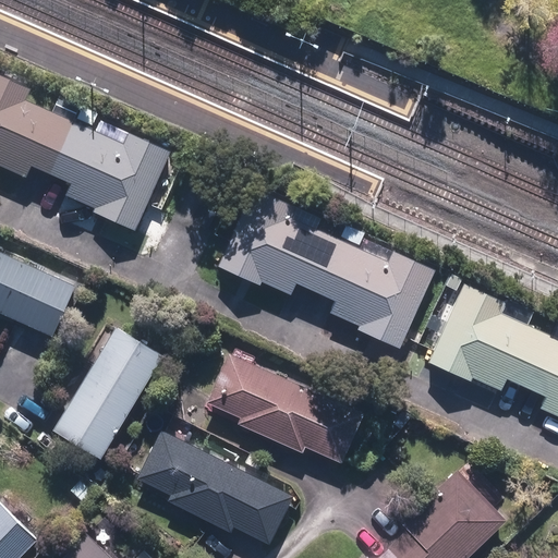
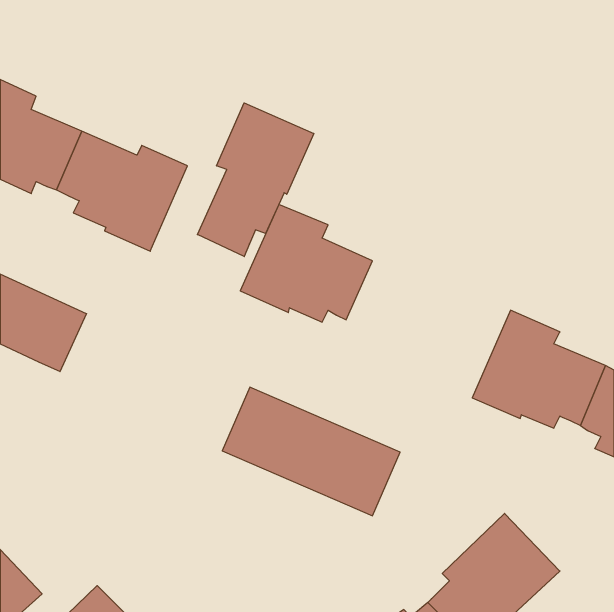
building: none -> [197,103,314,257]
building: [314,239,434,348] -> none
building: [52,327,165,460] -> none
building: [134,430,294,551] -> none

